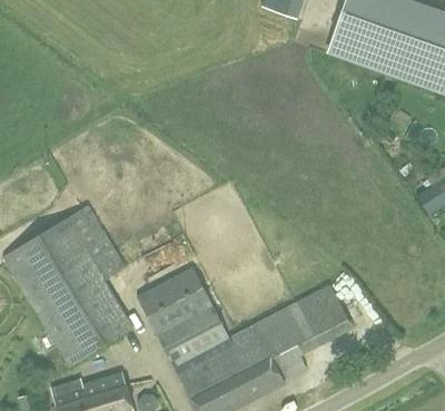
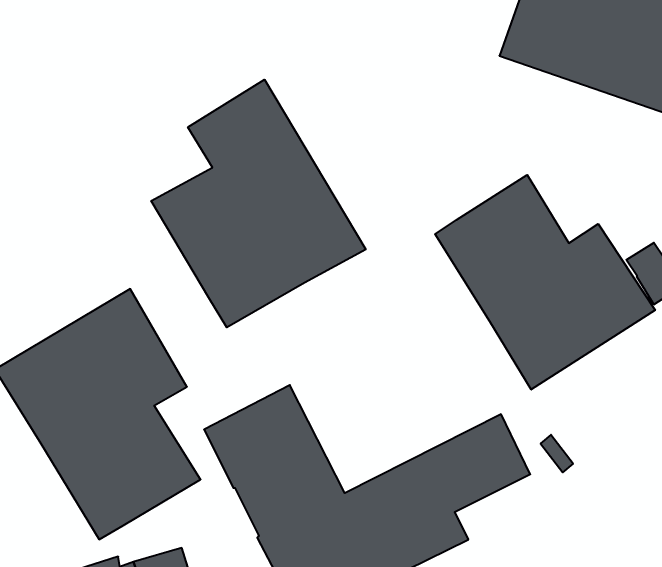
building: none -> [151,80,366,327]
building: none -> [435,175,655,390]

